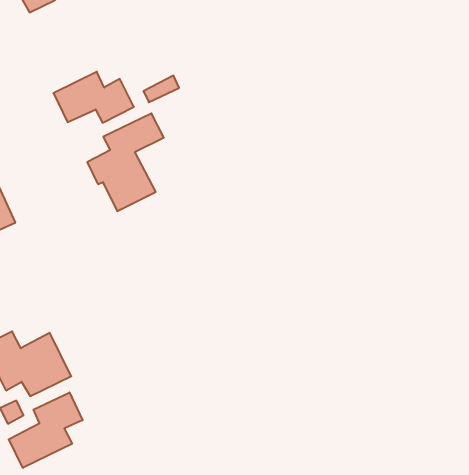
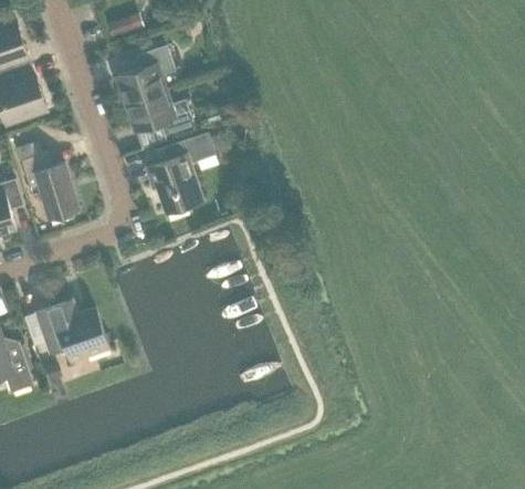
building: none -> [116,45,175,104]
building: [9,392,83,468] -> none

